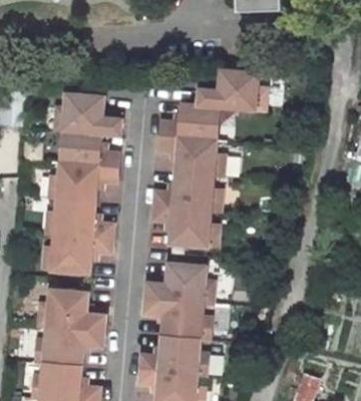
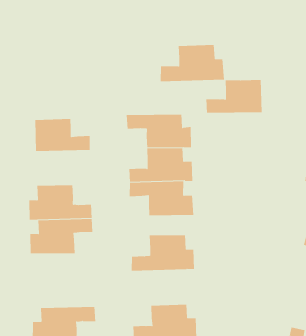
building: [54,94,121,136] -> none
building: [158,105,220,143] -> [206,80,262,113]
building: [48,164,117,204] -> none
building: [37,291,104,332] -> none
building: [143,300,210,342] -> none

